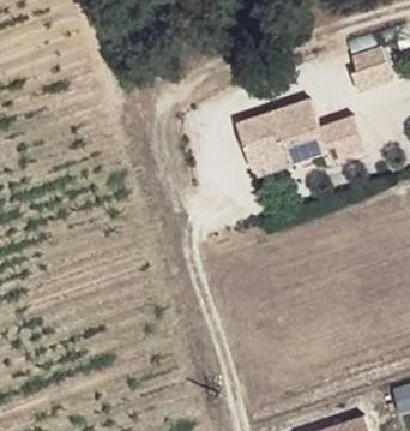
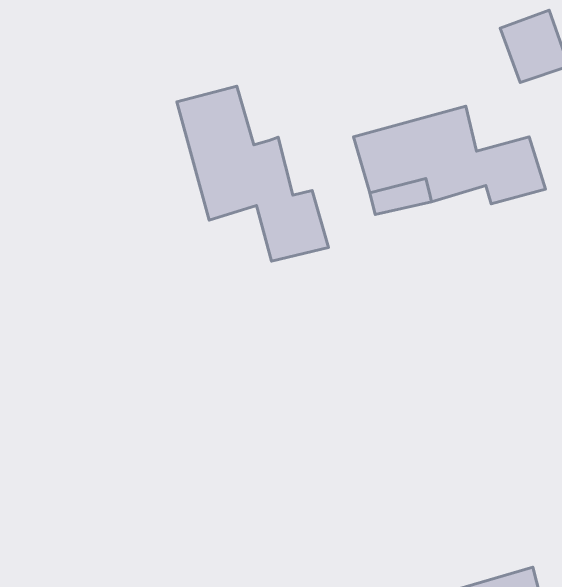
building: none -> [177,86,328,261]

